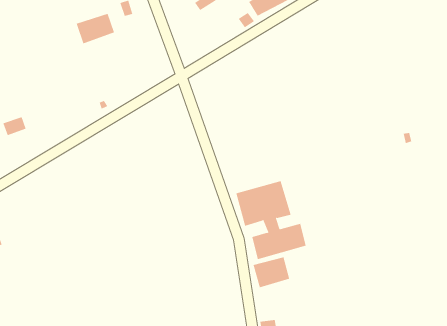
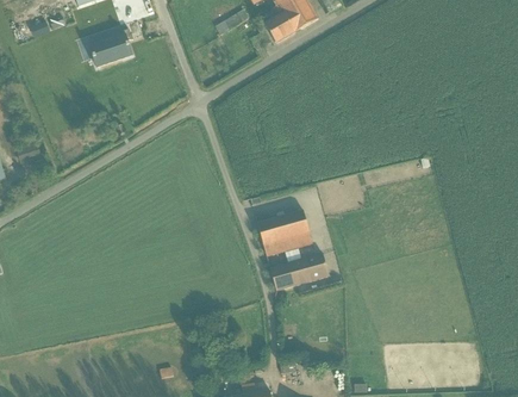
building: [253,257,290,288] -> none

